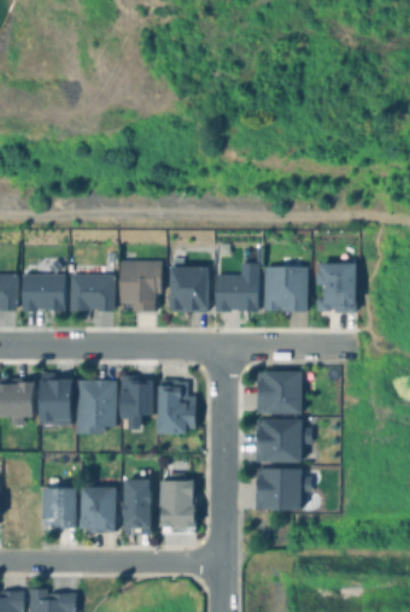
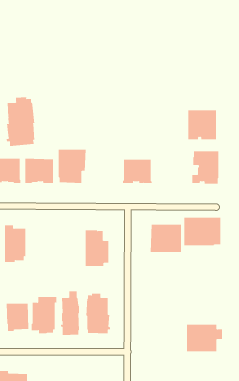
building: none -> [6,96,35,147]
building: [170,266,209,311] -> none
building: [264,266,308,311] -> [187,110,217,140]
building: [121,375,153,428] -> none
building: [76,379,116,434] -> none
building: [256,419,311,461] -> [184,217,221,246]
building: [256,469,310,510] -> [186,324,223,352]

